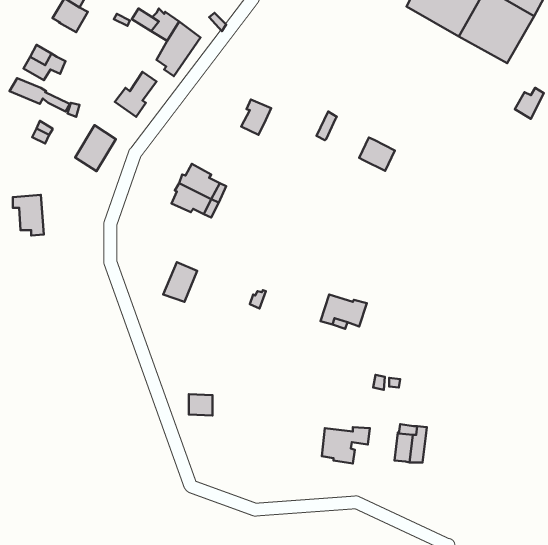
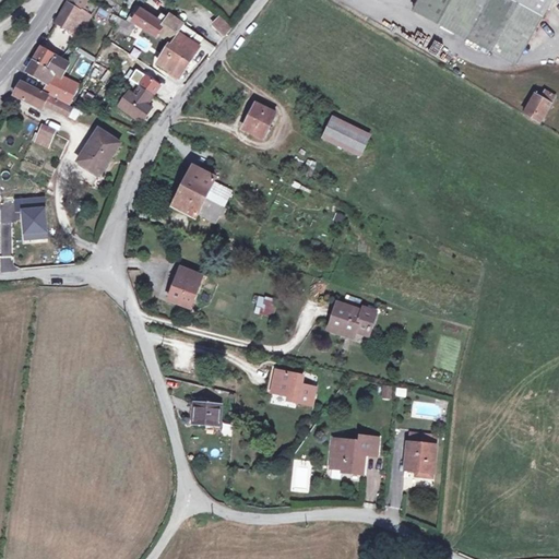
building: none -> [41,71,78,105]
building: [359,138,395,171] -> [332,121,368,155]
building: none -> [270,369,312,404]

